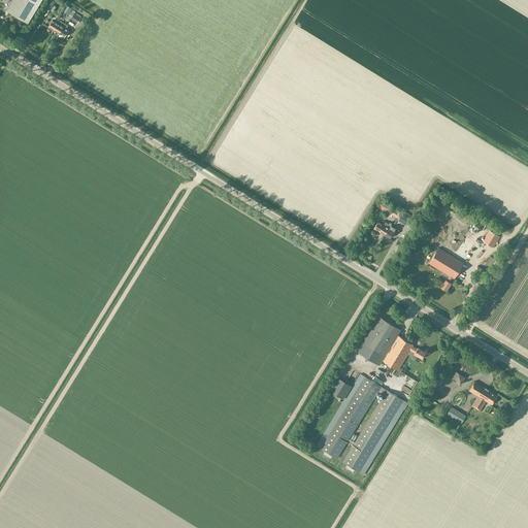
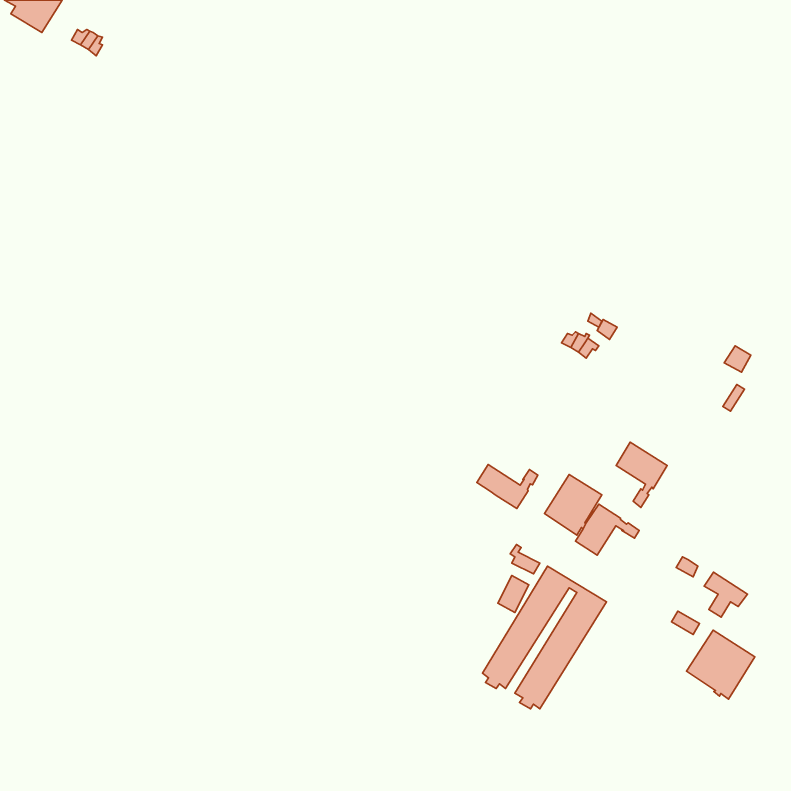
building: [430,249,464,292] -> [616,442,667,507]
building: none -> [477,465,538,509]
building: none -> [686,630,755,699]

